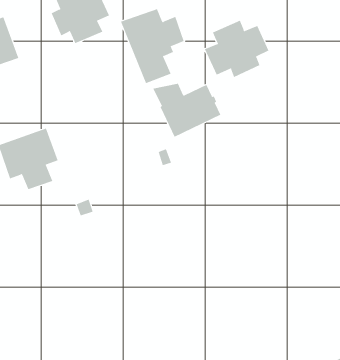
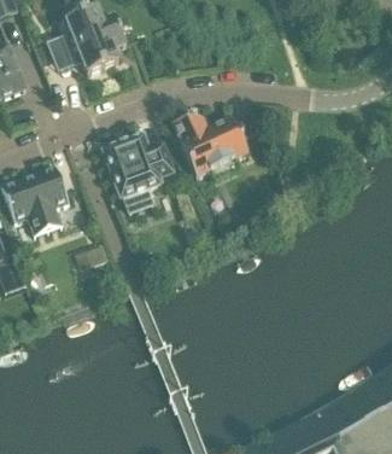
building: [120,8,185,84] -> [101,130,172,214]
building: [204,20,269,78] -> none

